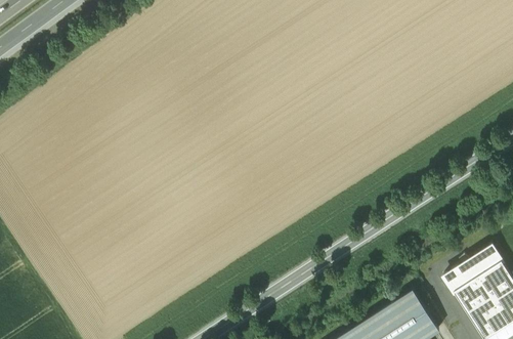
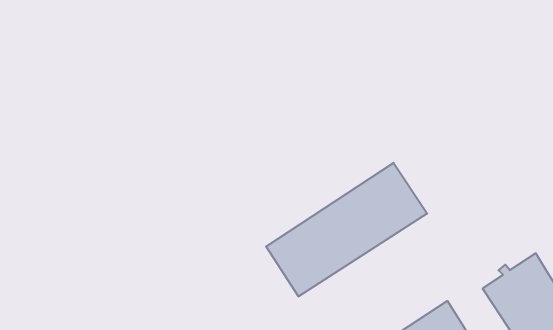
building: none -> [266,163,427,297]

